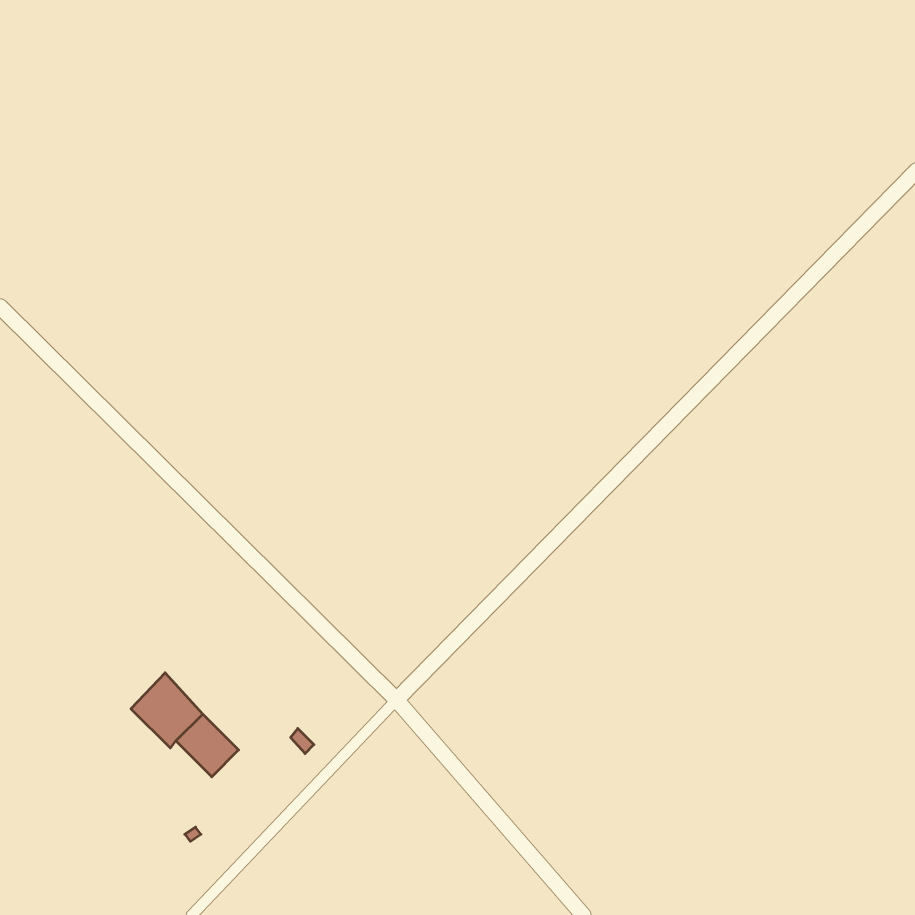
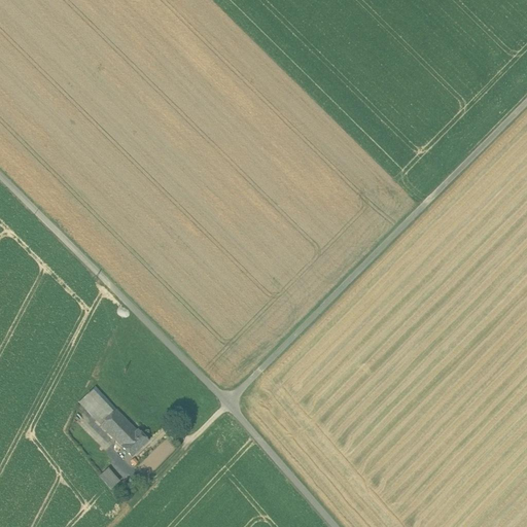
building: none -> [122,429,150,457]

